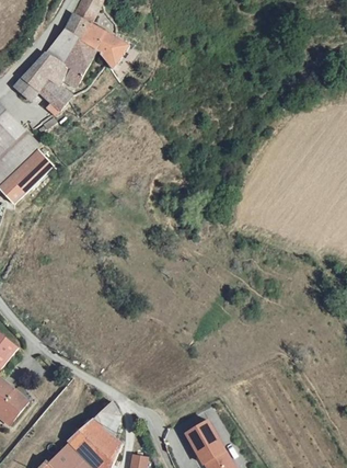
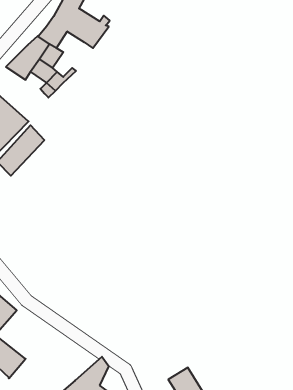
building: [63,43,94,72] -> none

